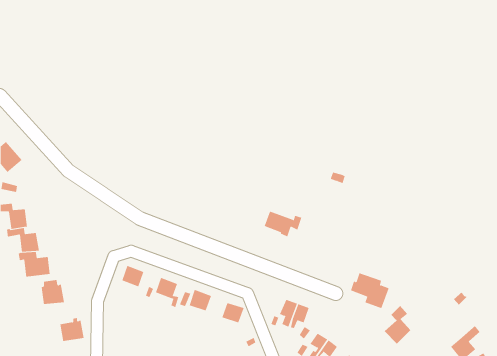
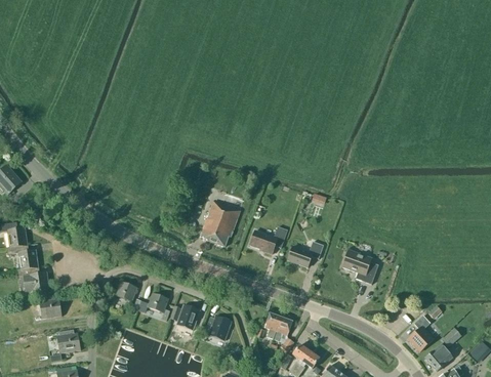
building: none -> [200,201,240,246]
building: none -> [287,241,323,266]
building: [350,272,389,309] -> [341,249,378,284]
building: [384,305,411,344] -> [407,315,433,351]

